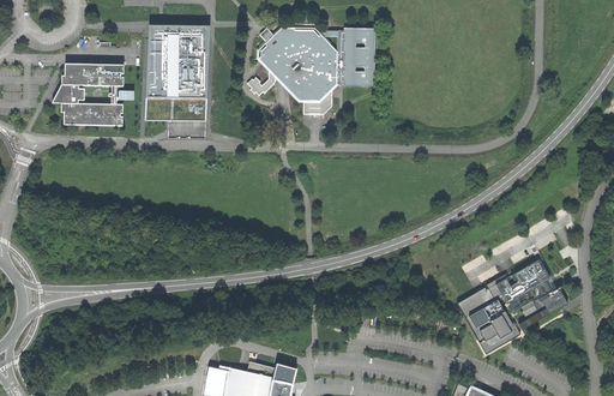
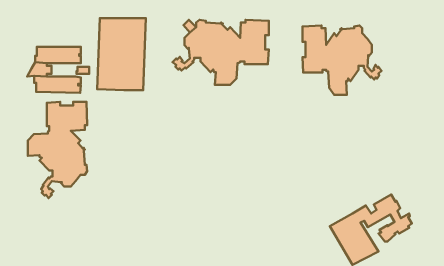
building: none -> [302,25,382,95]
building: none -> [28,102,87,198]

